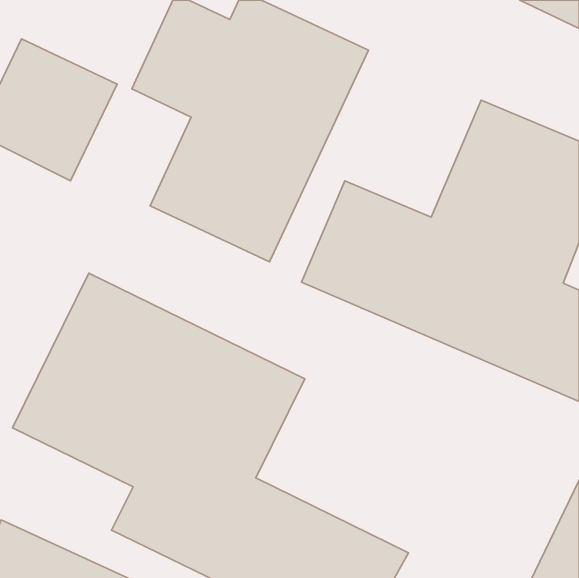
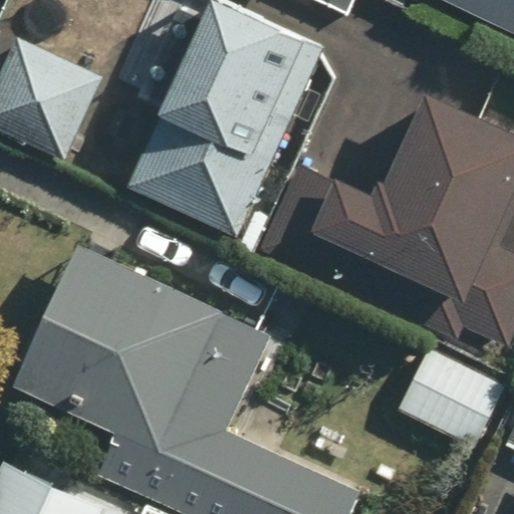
building: none -> [401,348,507,451]

